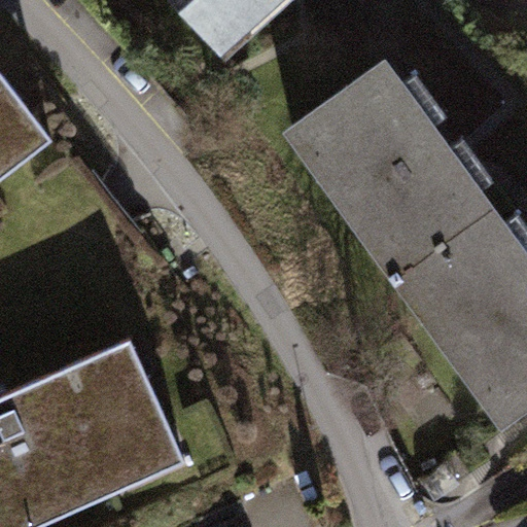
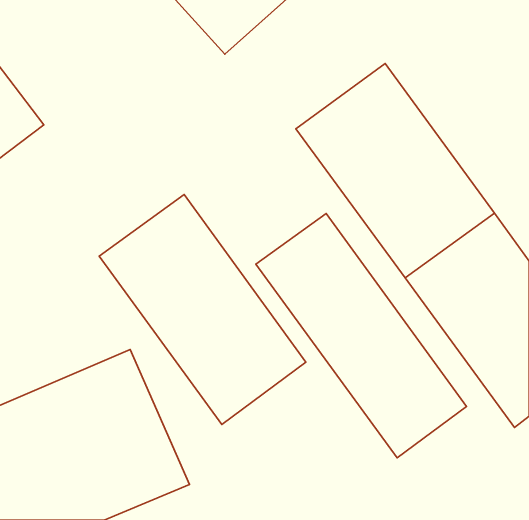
building: none -> [99,194,306,424]
building: none -> [256,213,466,458]

